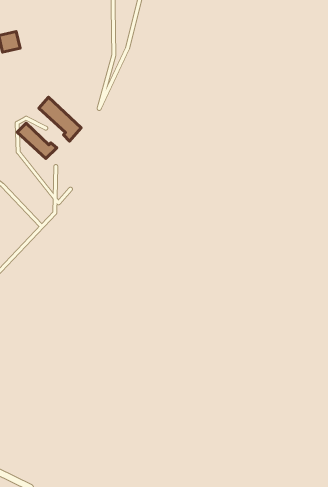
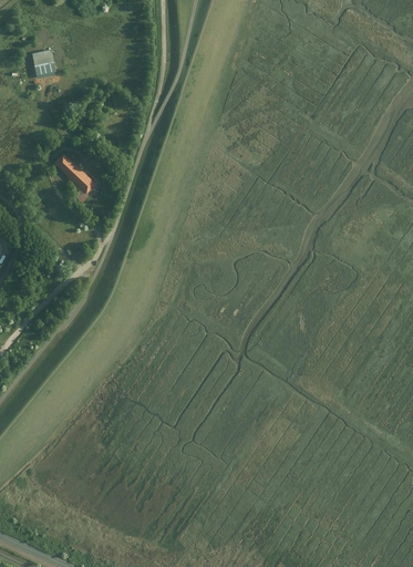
building: [39,97,81,141] -> none

